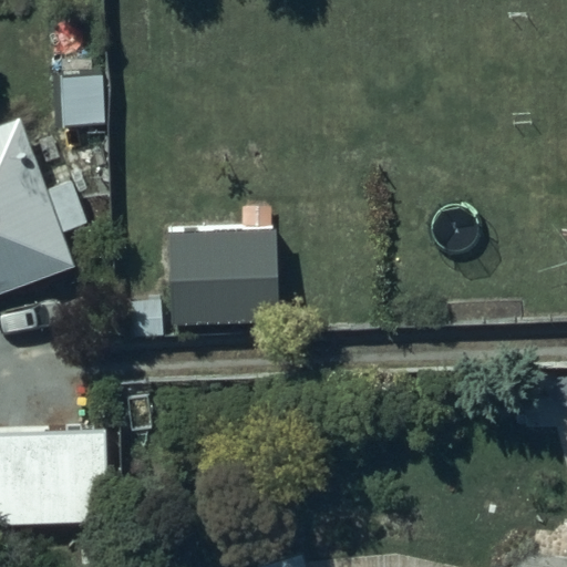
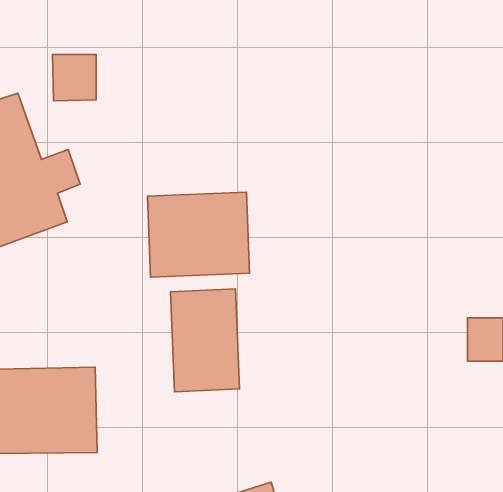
building: none -> [171,289,240,392]

